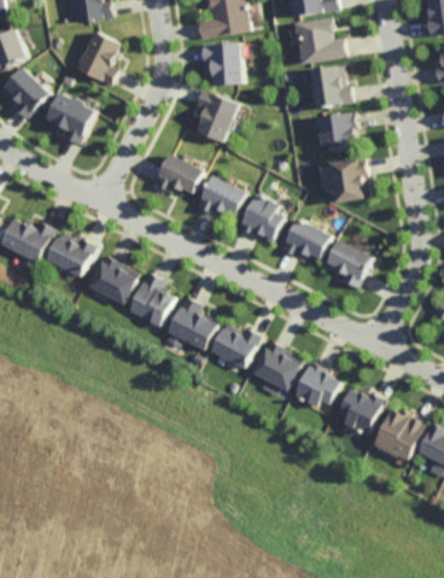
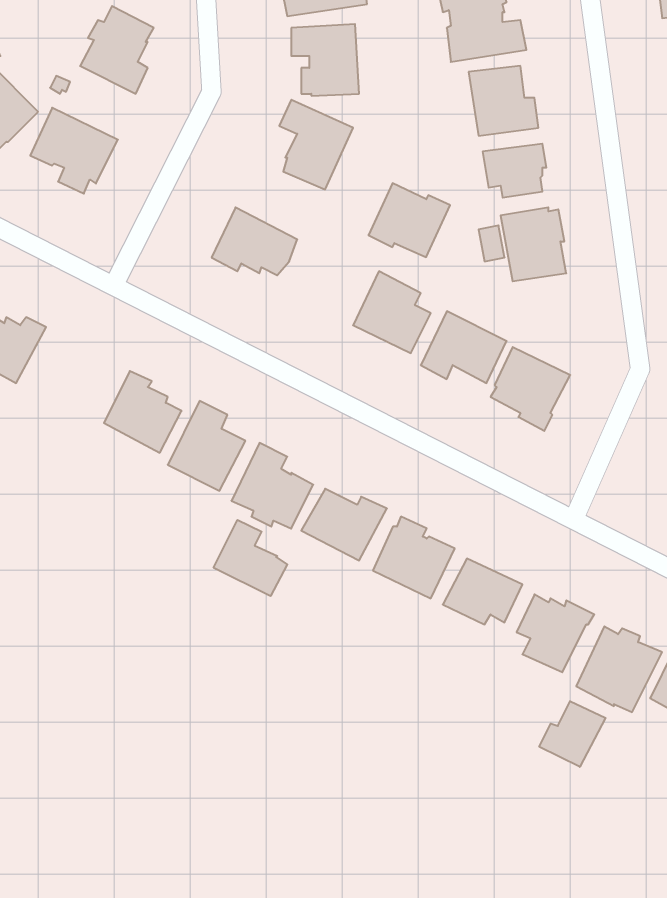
building: [197,175,246,220] -> [368,183,450,257]
building: [46,233,94,274] -> none
building: none -> [214,520,287,596]
building: none -> [539,701,606,767]

